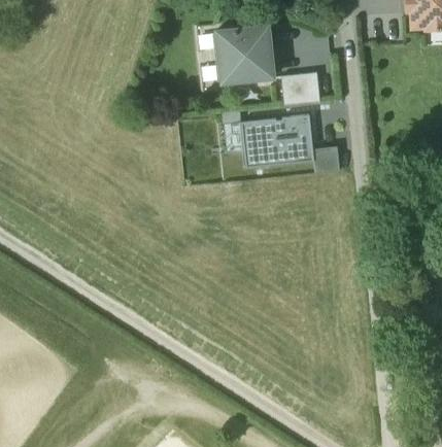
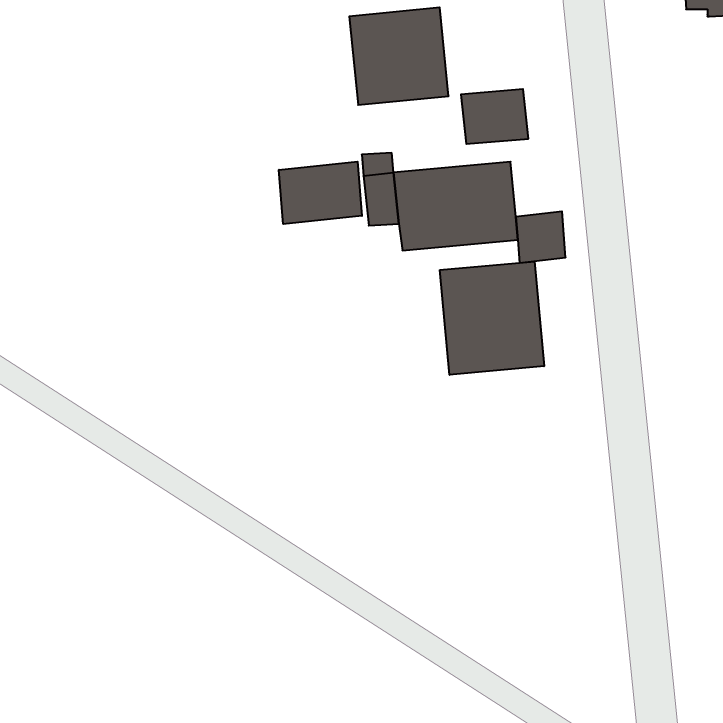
building: none -> [279,162,362,224]
building: none -> [440,261,544,375]

